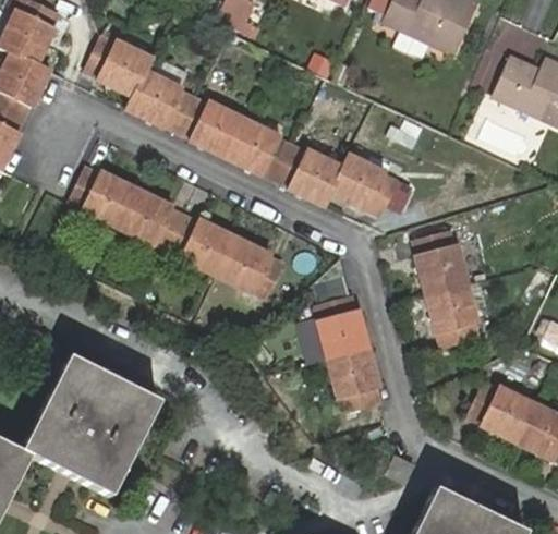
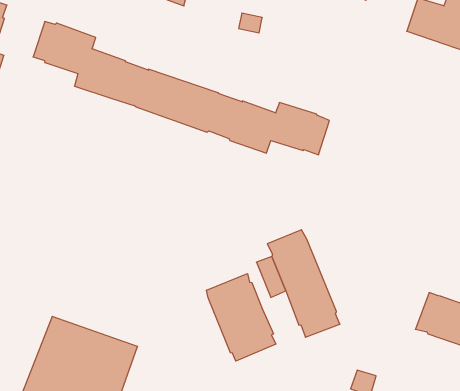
building: [70,166,286,299] -> none
building: [413,231,481,349] -> none
building: none -> [207,274,276,361]

